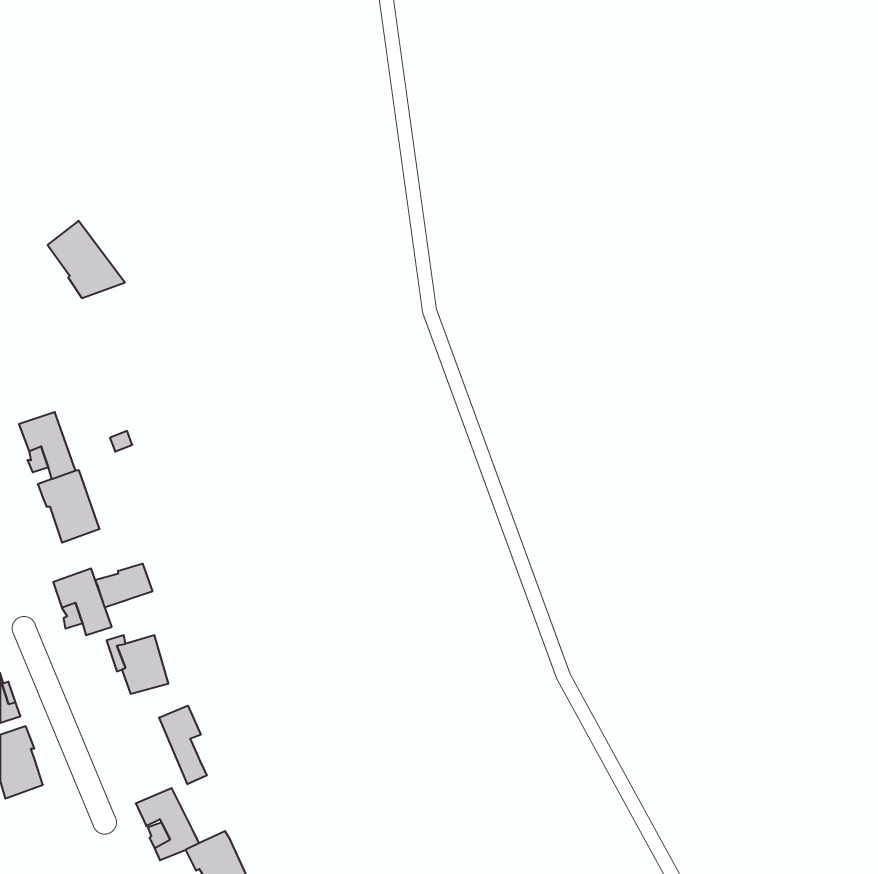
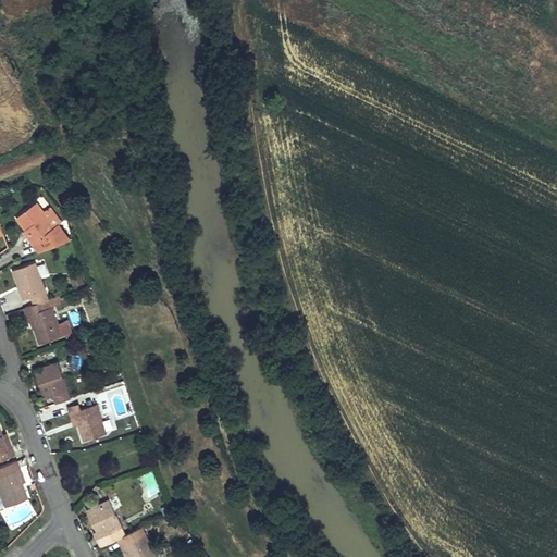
building: [48,221,125,298] -> [16,203,65,252]
building: [95,564,152,608] -> none
building: [159,706,207,784] -> none

